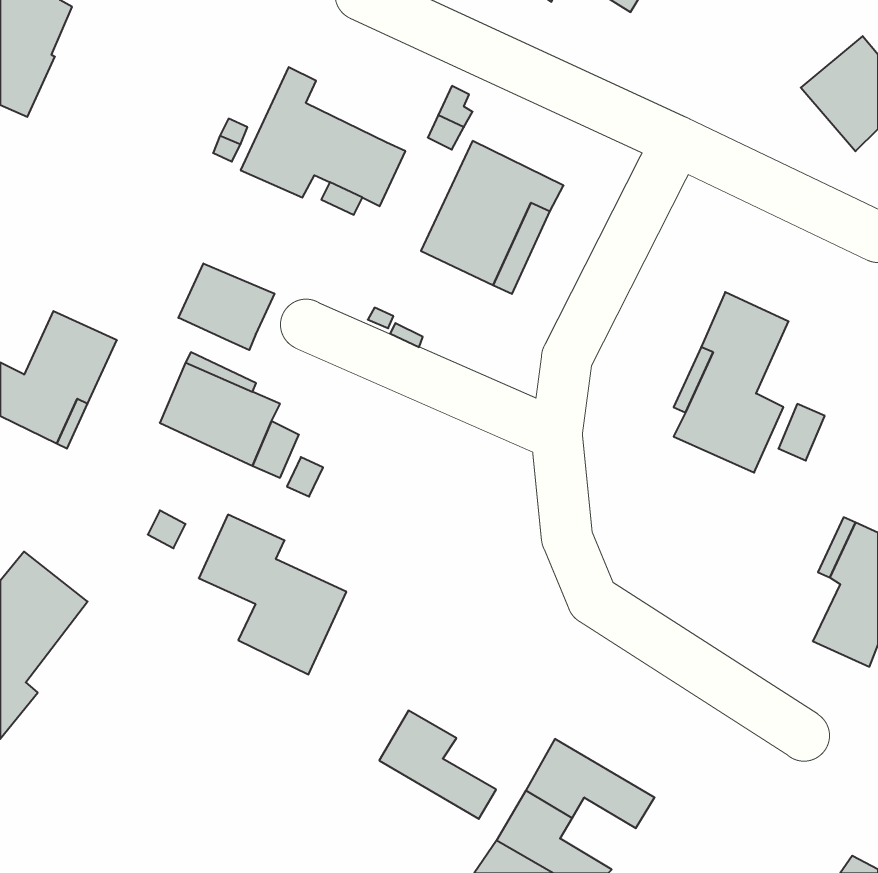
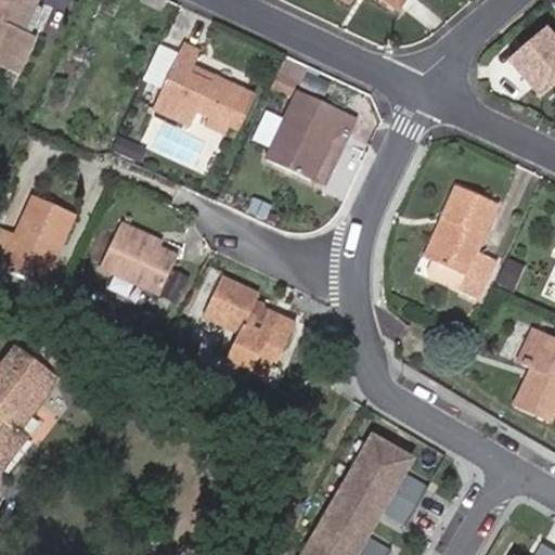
building: [178,263,274,350] -> none
building: [199,515,346,674] -> [202,275,295,376]
building: [379,711,496,819] -> [350,435,424,503]

